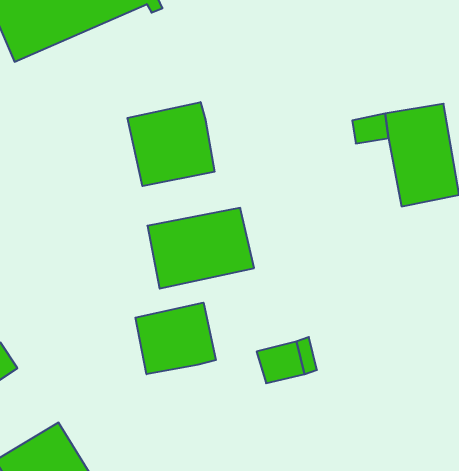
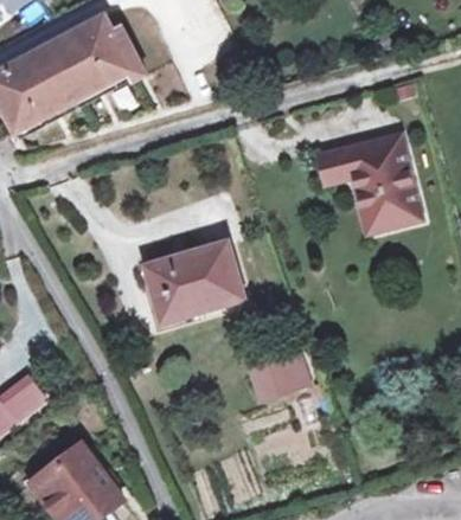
building: [127,102,215,186] -> none
building: [135,303,216,374] -> none

